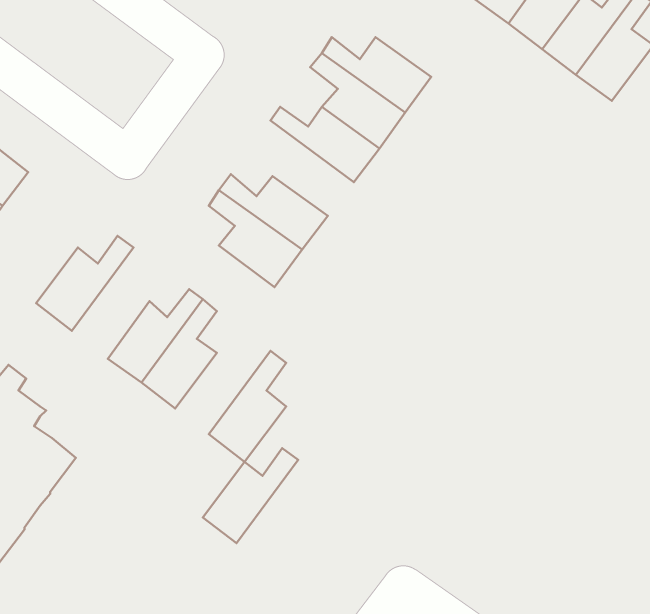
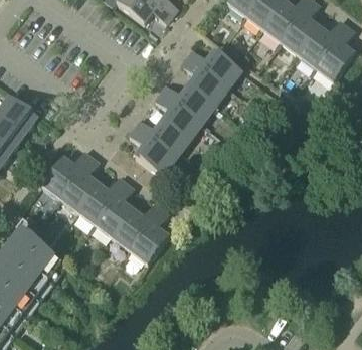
building: none -> [154,91,202,139]
building: none -> [59,155,99,211]
building: [203,448,298,543] -> [112,201,160,249]

